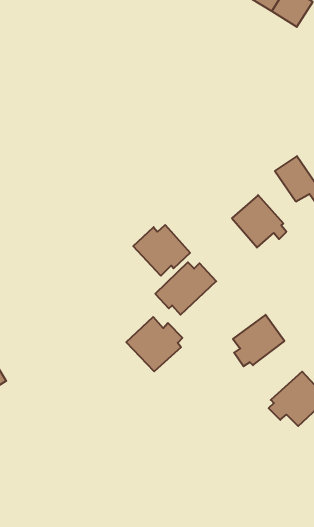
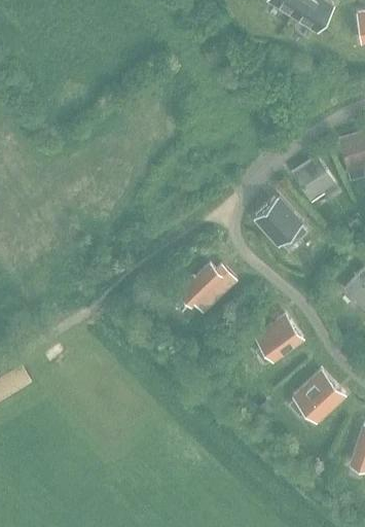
building: [133,225,190,276] -> none
building: [126,317,182,371] -> none

